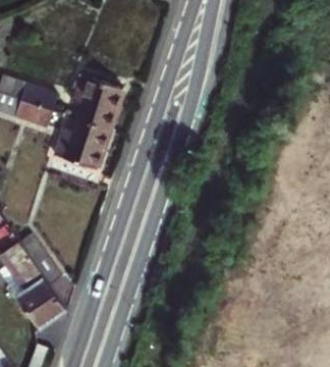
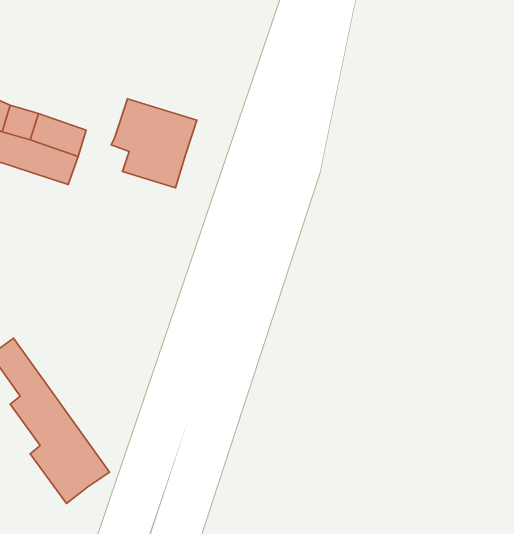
building: [52,121,109,172] -> none

